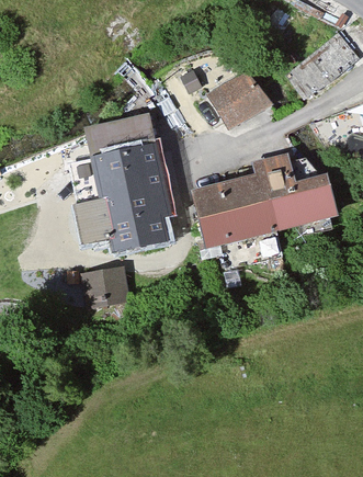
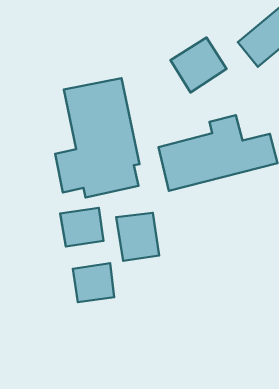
building: none -> [116,213,159,261]
building: none -> [73,263,114,302]

